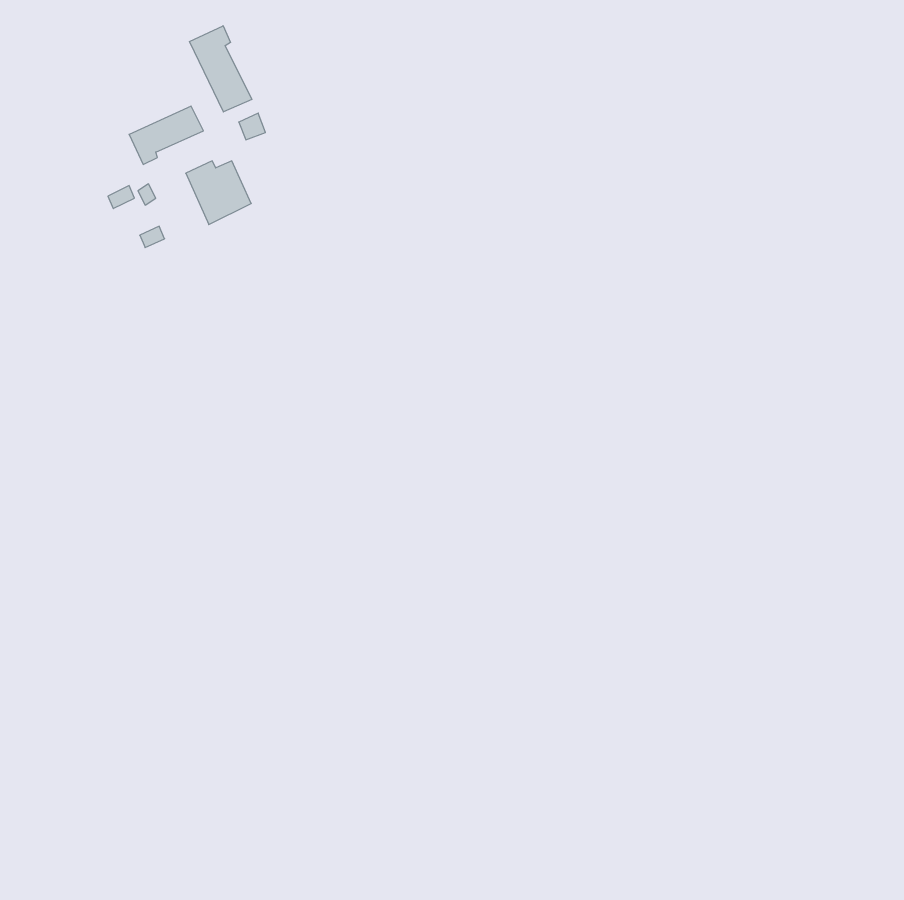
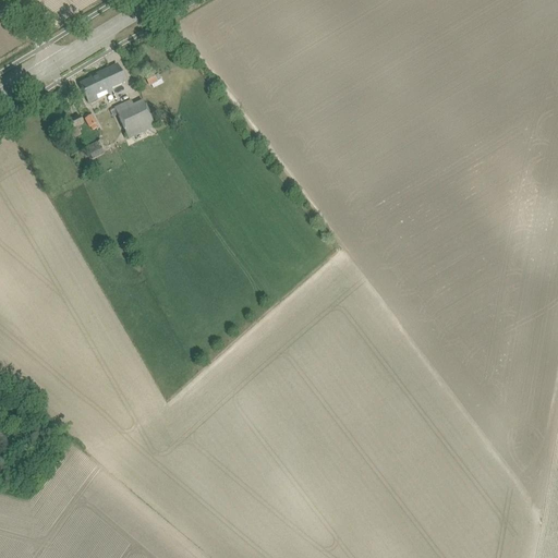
building: [189,26,252,112] -> none

